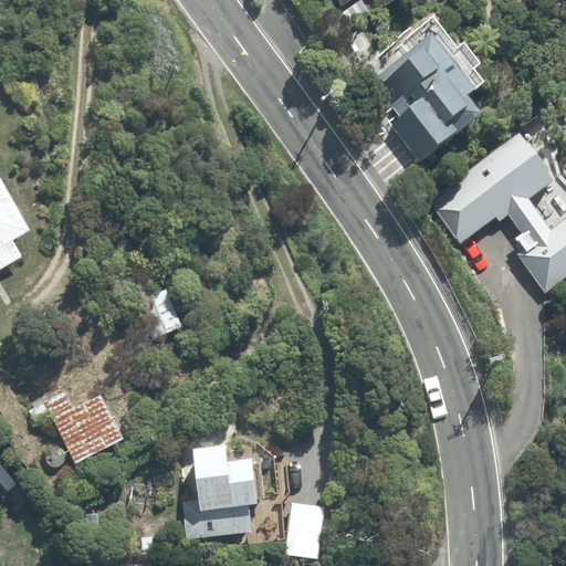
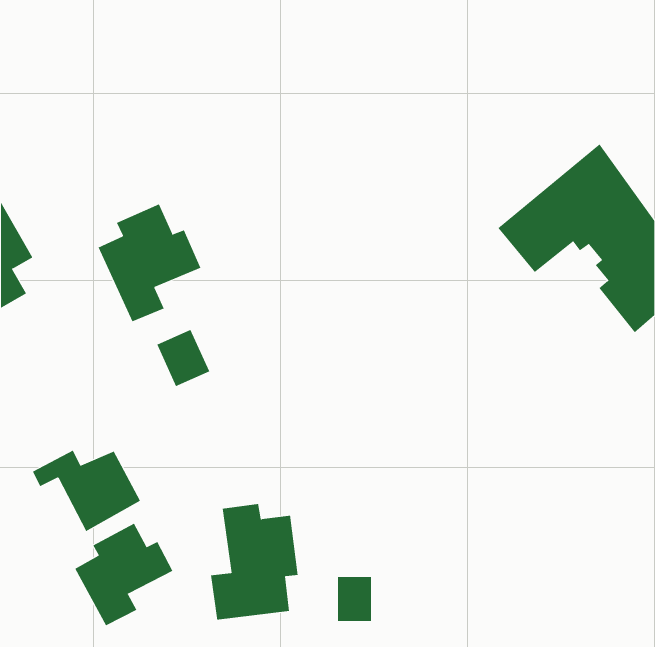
building: [371,15,483,161] -> none
building: none -> [98,203,201,322]
building: none -> [74,523,173,626]

